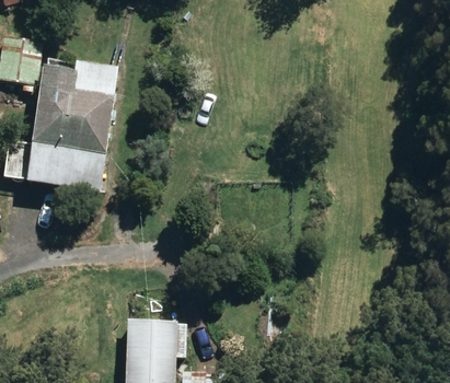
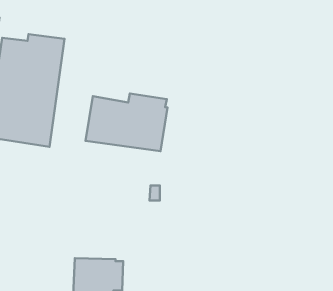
building: none -> [86,94,168,151]

